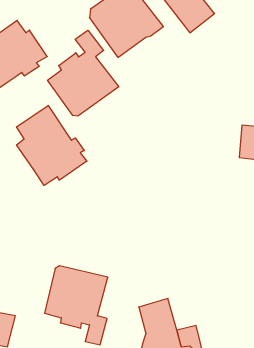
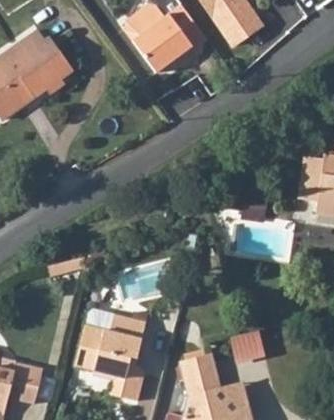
building: [48,30,119,116] -> none
building: [17,105,87,185] -> none
building: none -> [233,327,267,359]

